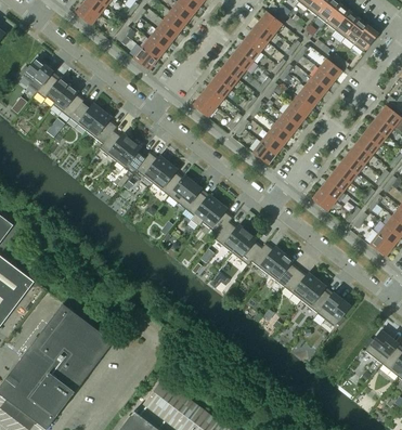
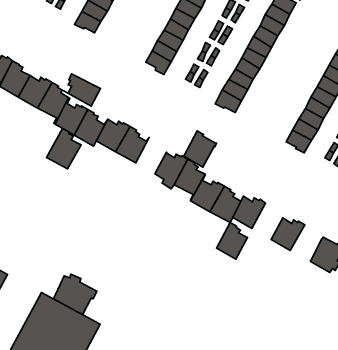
building: none -> [63,74,101,106]
building: none -> [47,128,81,169]
building: [169,175,202,210] -> [184,131,217,167]
building: [268,253,298,288] -> [216,223,247,259]
building: [300,279,330,314] -> none
building: none -> [53,274,97,314]

